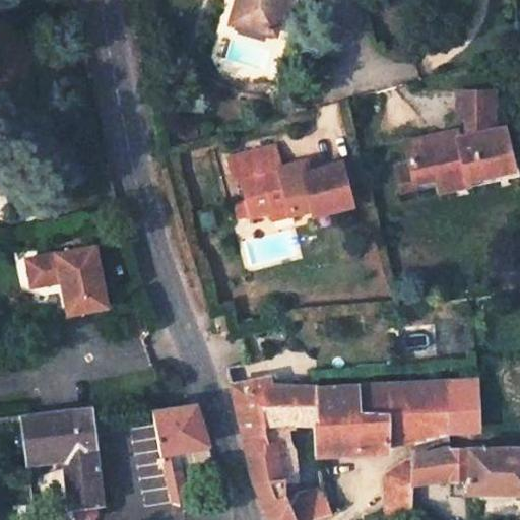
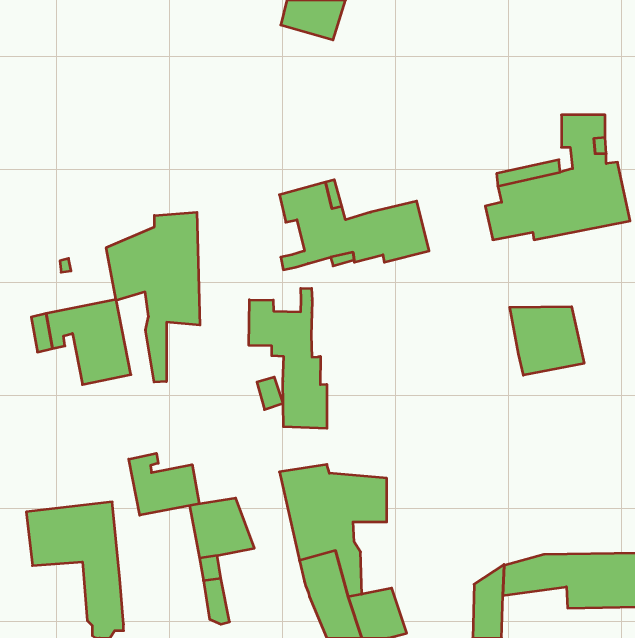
building: none -> [106,212,200,382]
building: none -> [249,288,327,428]
building: none -> [510,307,584,375]
building: none -> [129,453,199,515]
building: [317,381,476,455] -> none

